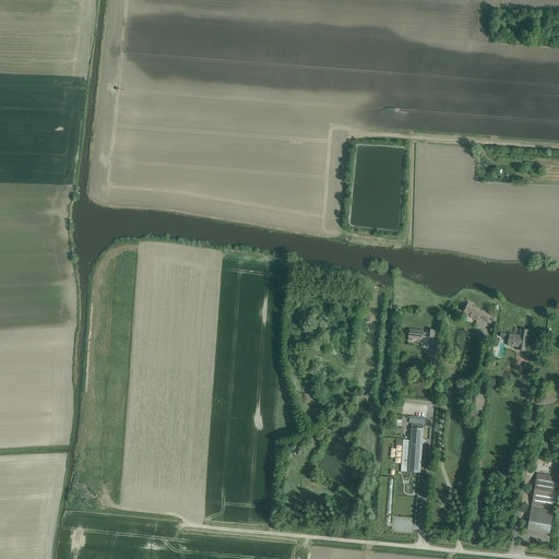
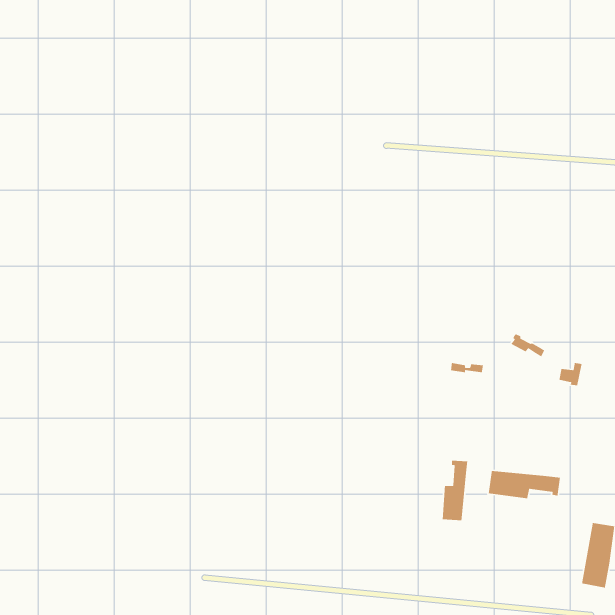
building: none -> [488,470,561,499]

